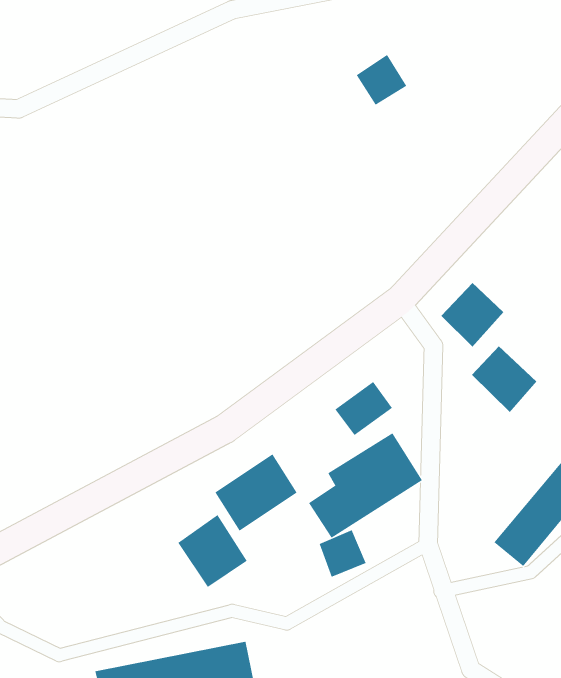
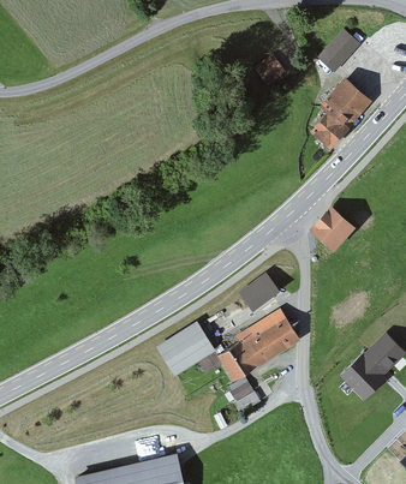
building: none -> [317,30,357,71]
building: none -> [309,82,368,153]
building: [471,345,537,413] -> none
building: [177,514,247,588] -> none

